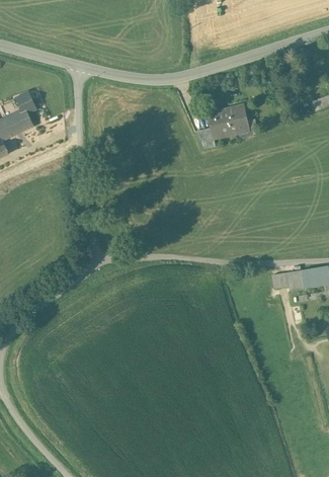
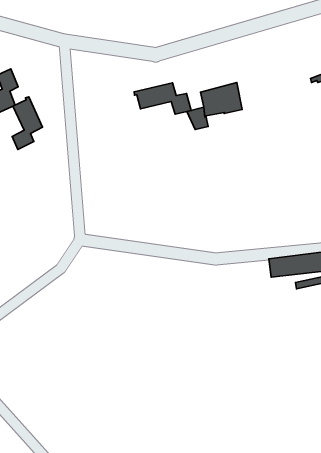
building: none -> [134,83,191,114]
building: none -> [12,97,42,149]

